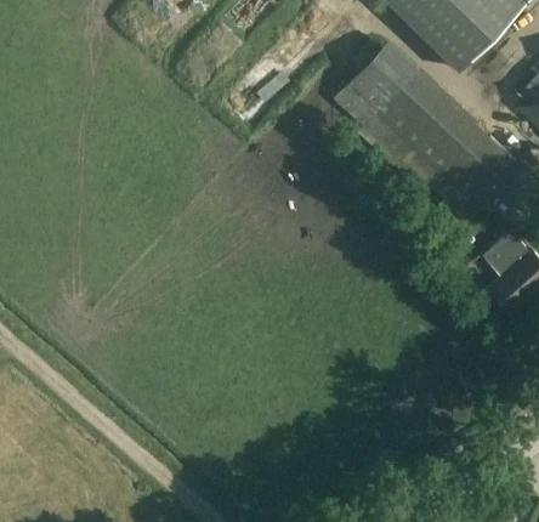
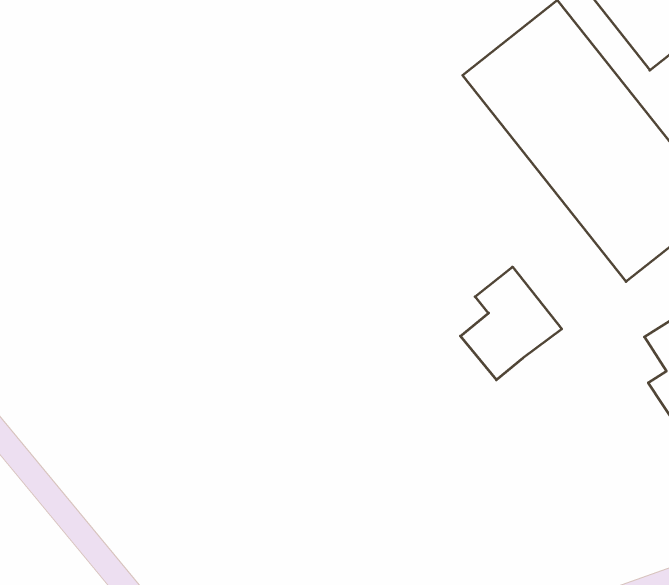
building: none -> [460,267,562,380]

